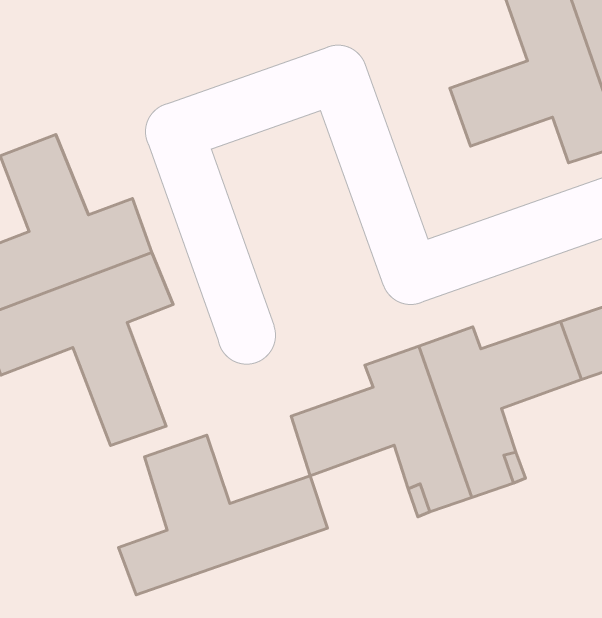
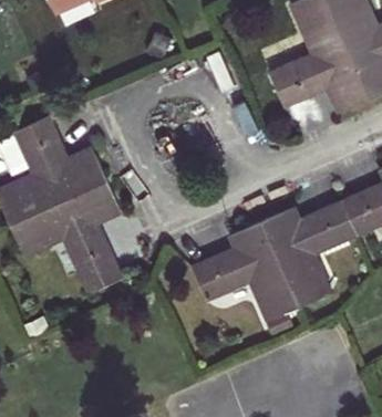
building: [119,435,327,595] -> none

